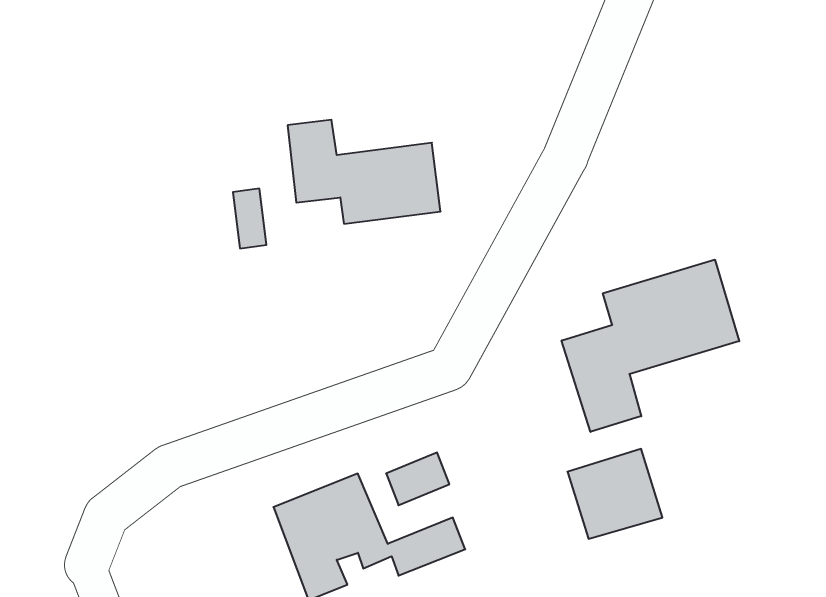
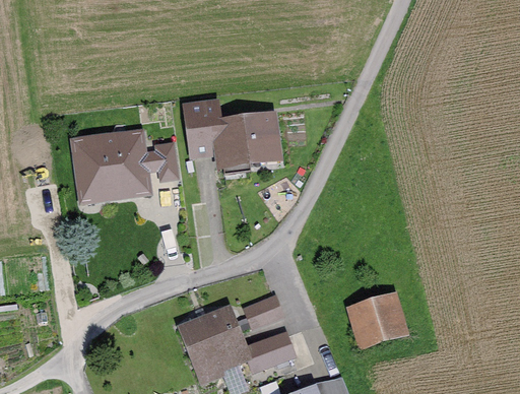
building: none -> [74,130,147,195]
building: [562,260,739,432] -> none

